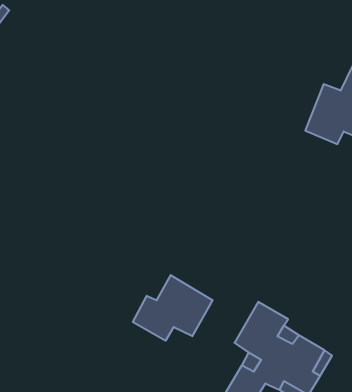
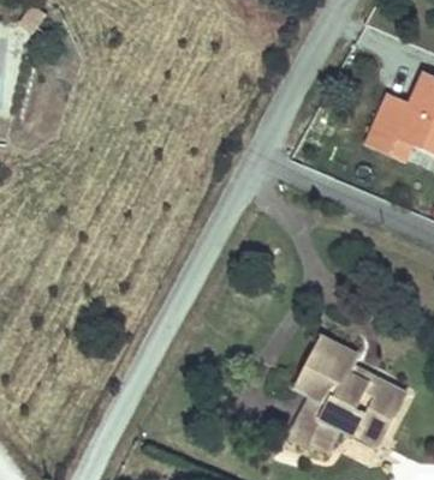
building: [133,275,213,341] -> none

